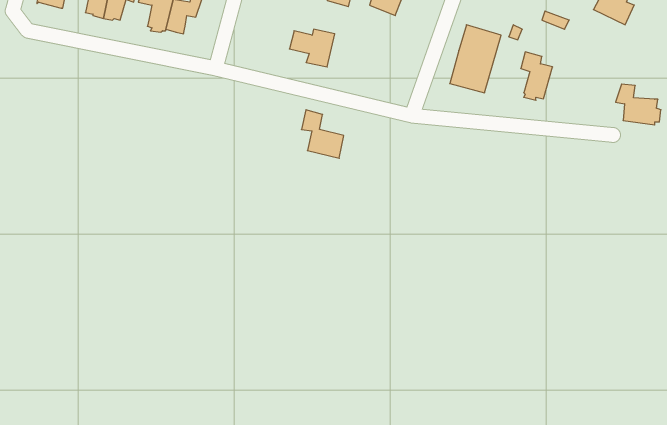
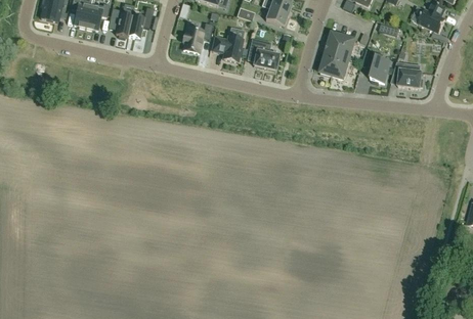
building: none -> [182,21,213,52]
building: [616,84,661,125] -> [393,60,424,88]
building: [301,110,344,158] -> [250,37,278,70]

